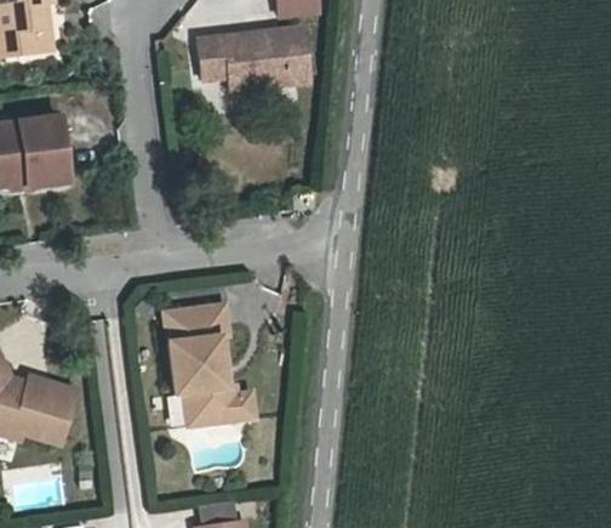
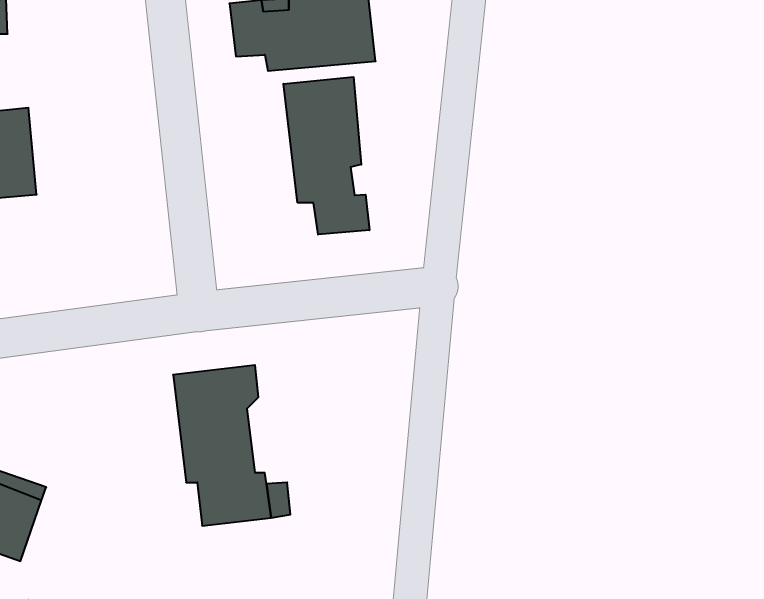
building: none -> [283,77,369,235]

